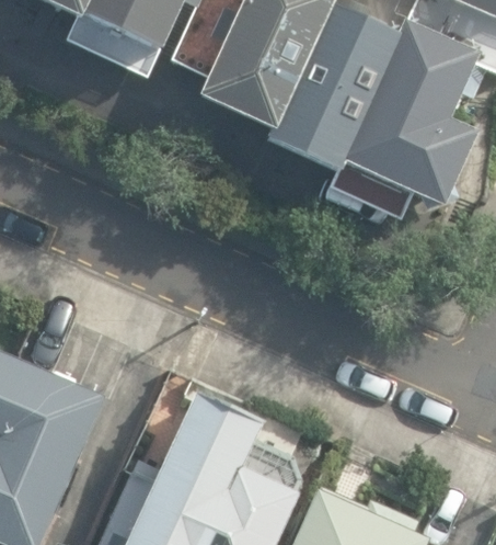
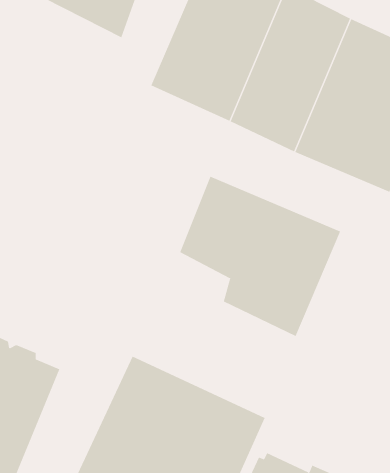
building: none -> [180,176,341,337]

